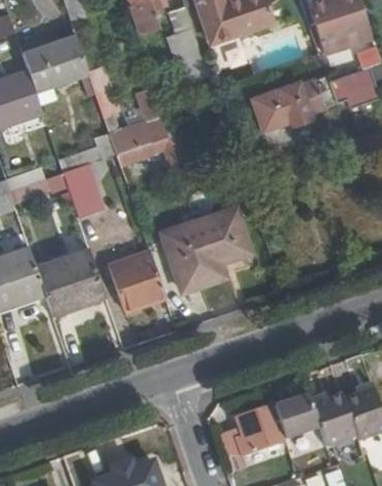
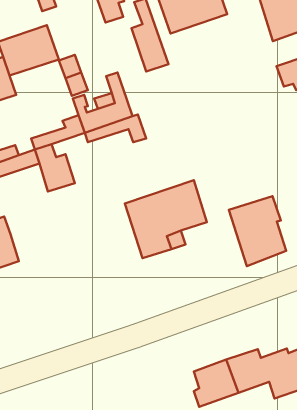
building: [251,75,336,130] -> none
building: none -> [229,196,286,266]
building: [35,250,102,315] -> none
building: [105,256,165,311] -> none

